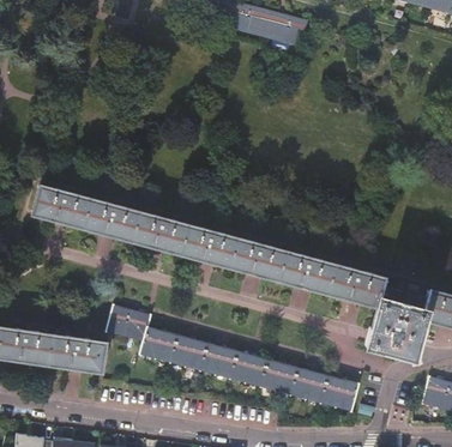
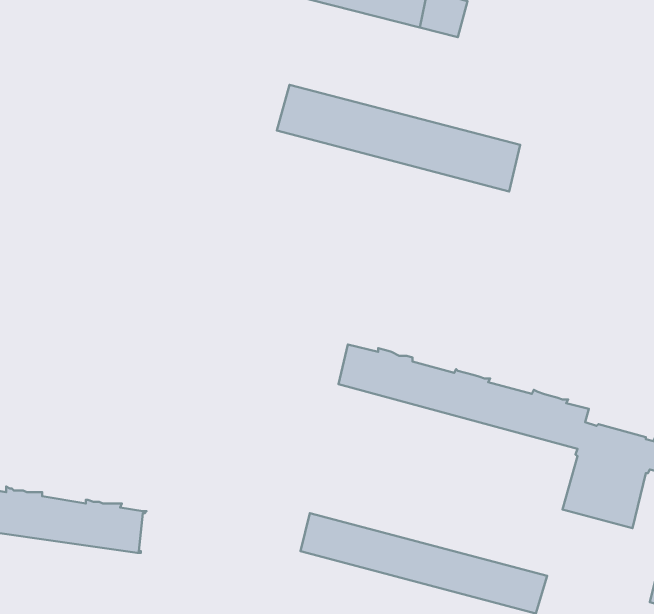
building: none -> [277,85,520,191]
building: [34,187,233,264] -> none
building: [106,304,209,369] -> none

